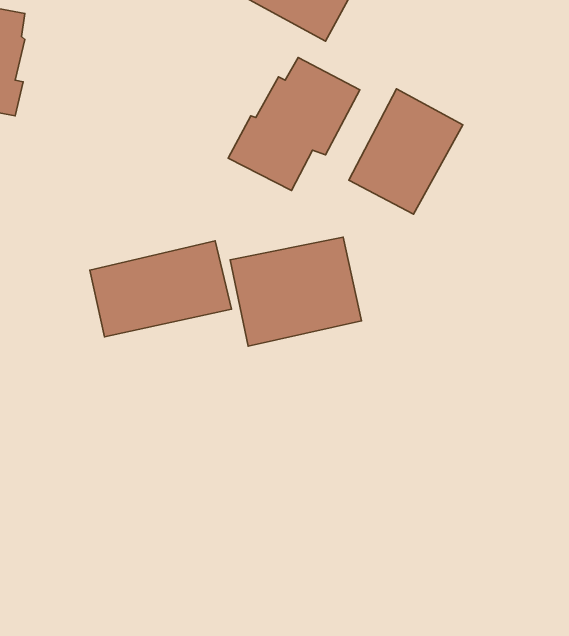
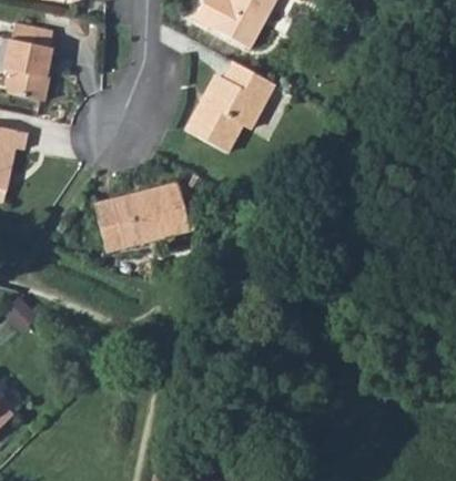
building: [349,89,463,214] -> none
building: [230,237,362,346] -> none

